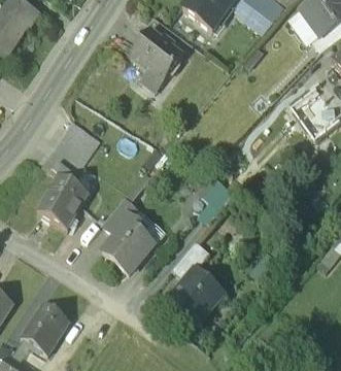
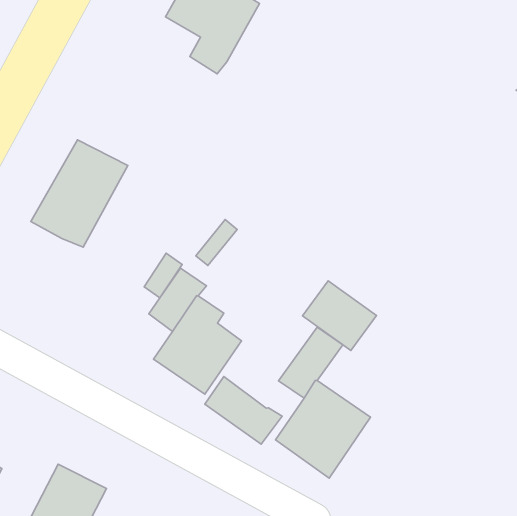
building: [37,175,89,229] -> none
building: none -> [302,281,377,351]
building: none -> [205,376,282,444]

